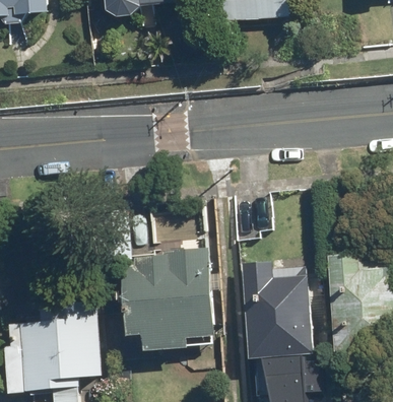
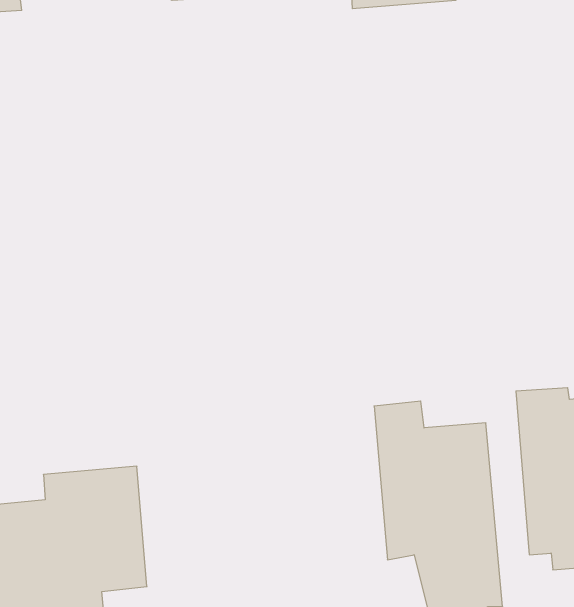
building: [121,247,216,352] -> none

